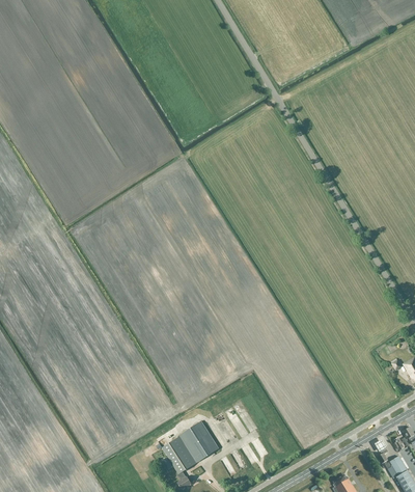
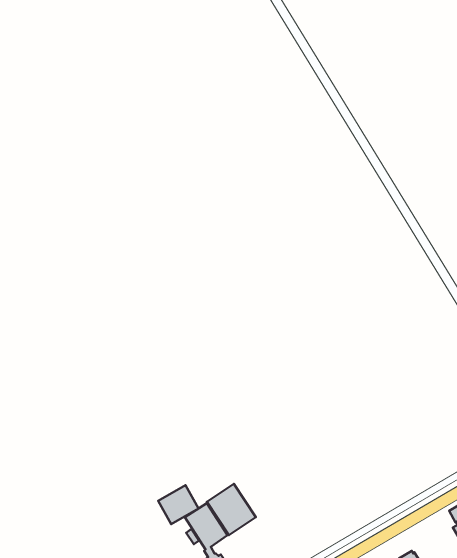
building: none -> [158,485,199,524]

